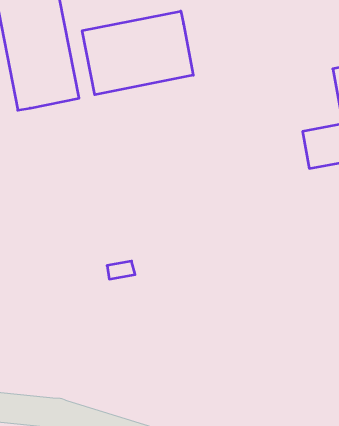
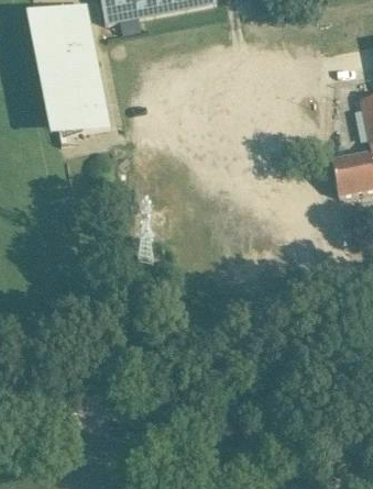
building: [82,11,193,95] -> none

